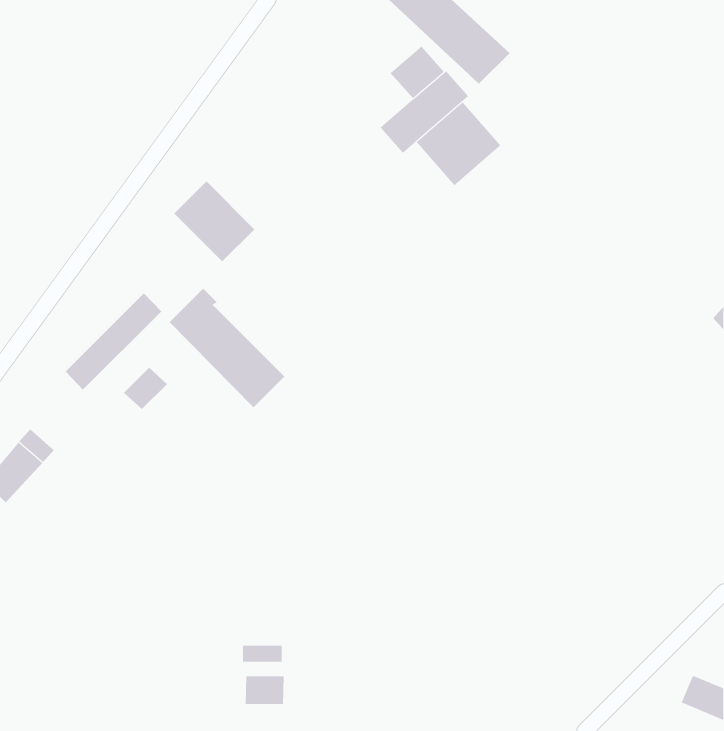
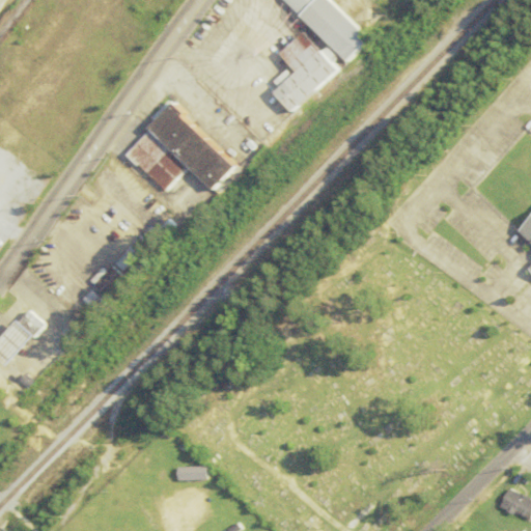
building: [416,101,501,186] -> none
building: [169,288,285,408] -> [151,103,235,190]
building: [65,293,162,391] -> none
building: [245,676,284,705] -> none

